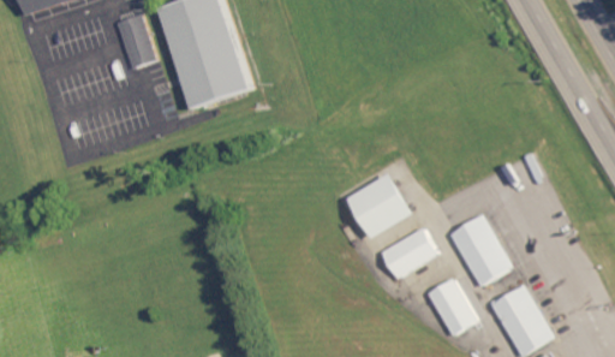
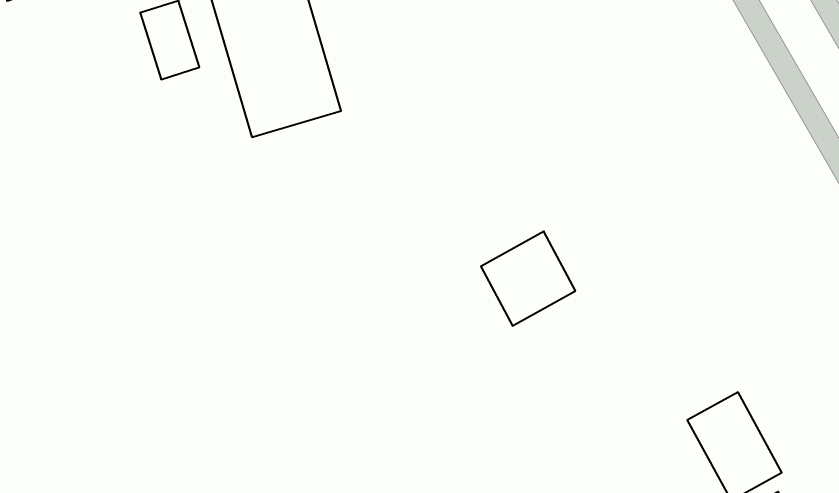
building: [448,215,512,287] -> none
building: [377,228,435,278] -> none
building: [424,279,473,337] -> none

